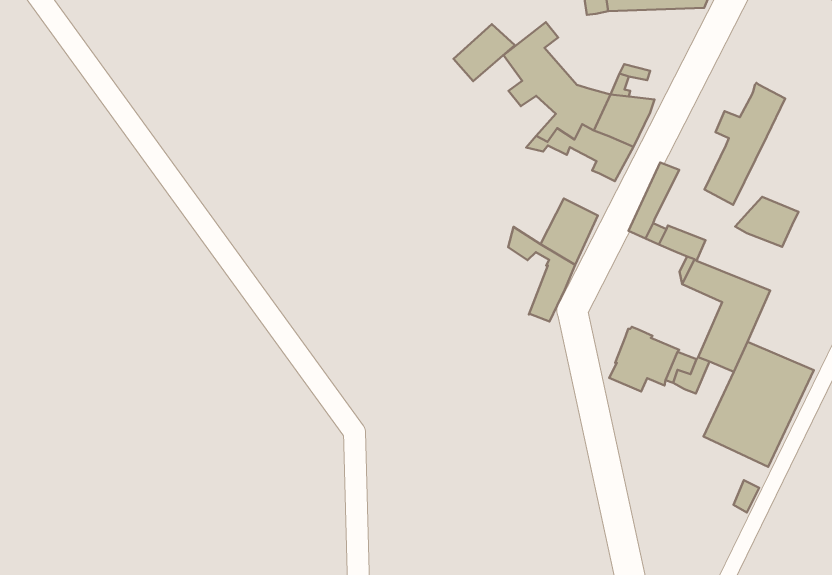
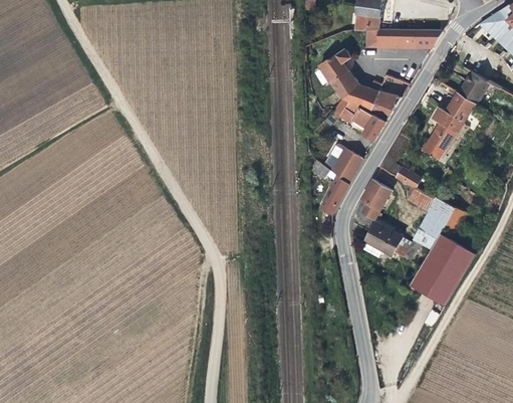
building: [453,24,515,81] -> none
building: none -> [459,72,489,104]
building: [735,197,799,247] -> none
building: none -> [360,179,392,220]

